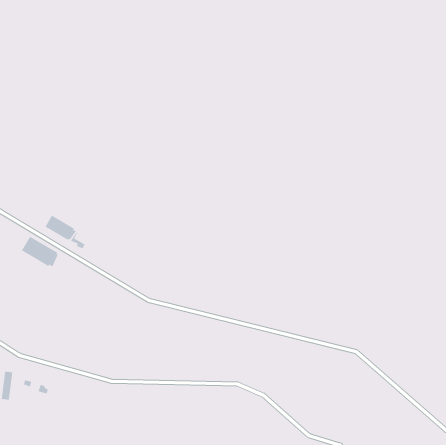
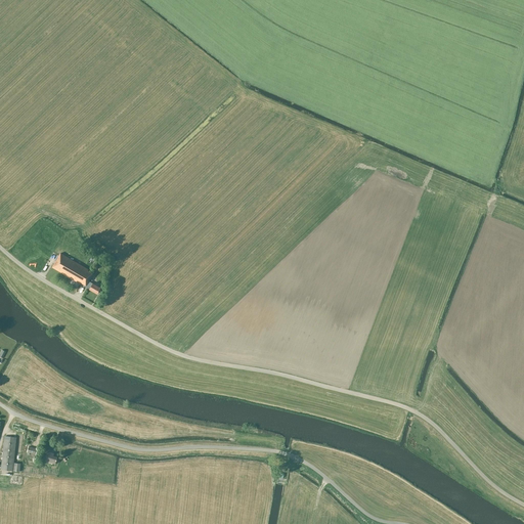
building: [21,236,59,267] -> none

